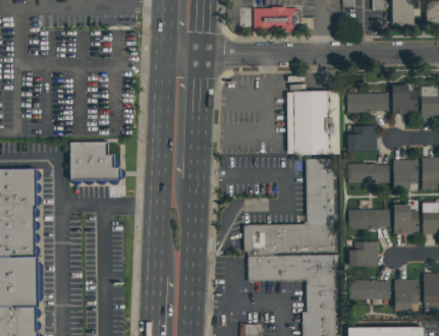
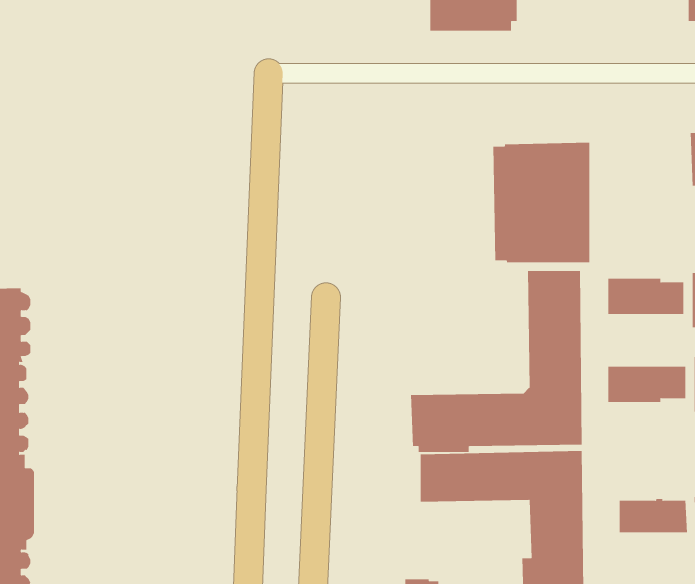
building: [346,92,387,111] -> none
building: [346,124,377,150] -> none
building: [69,141,125,184] -> none
building: [347,240,378,266] -> none

